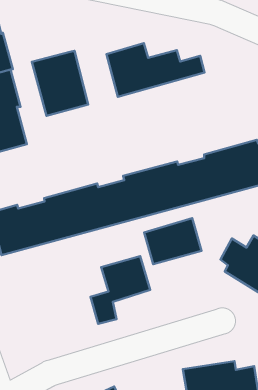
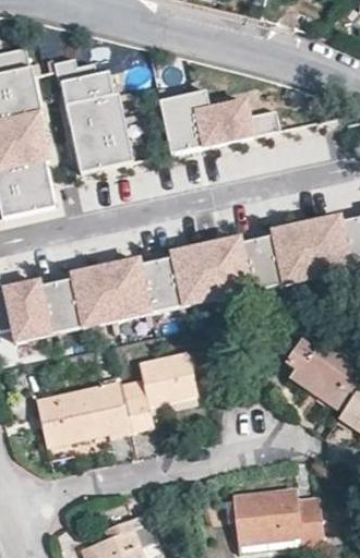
building: none -> [53,58,113,105]
building: [144,218,201,264] -> none
building: none -> [36,383,129,446]

